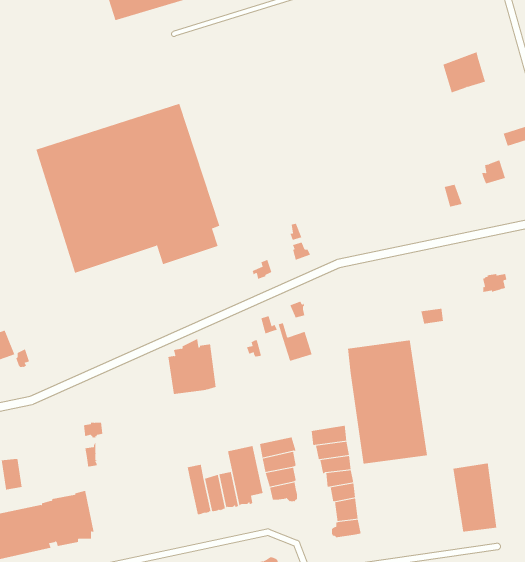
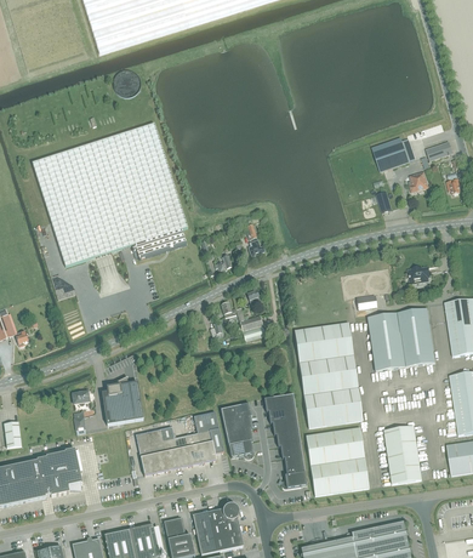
building: [443,51,486,93] -> [372,136,409,171]
building: none -> [367,307,435,370]
building: [167,338,216,394] -> [102,376,143,423]
building: none -> [306,426,369,495]
building: none -> [136,428,169,474]

